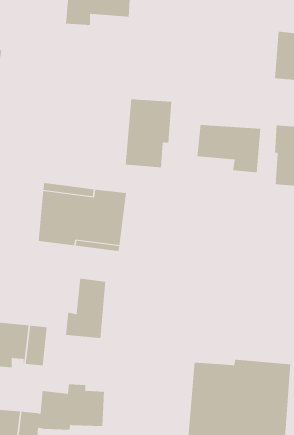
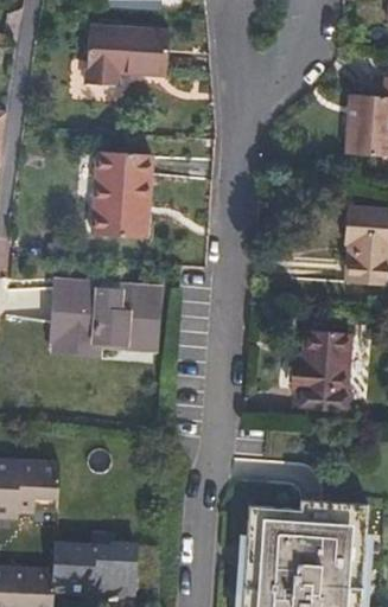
building: [125,99,172,168] -> [94,151,153,237]
building: [197,124,261,173] -> none
building: none -> [292,332,350,395]
building: [65,278,106,339] -> none

